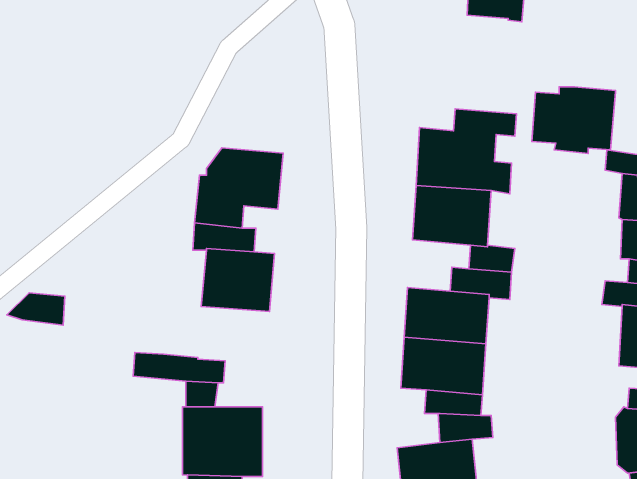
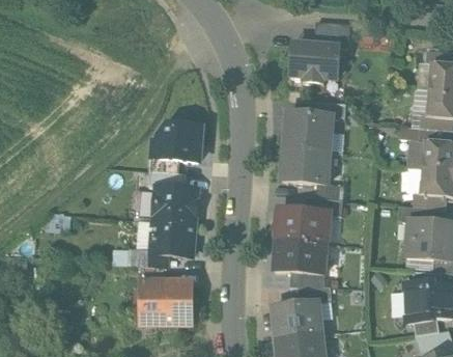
building: [532,87,615,153] -> [288,44,339,84]
building: none -> [150,221,194,256]

